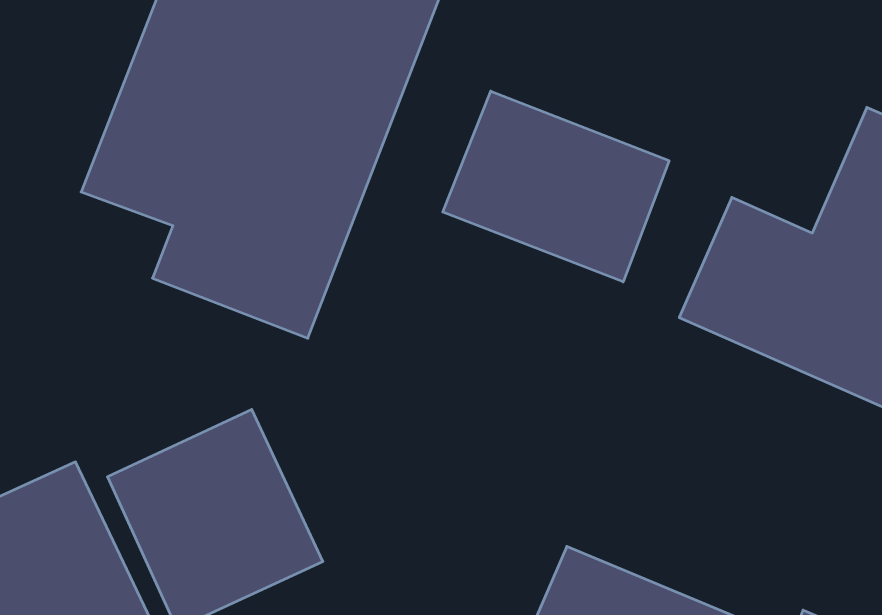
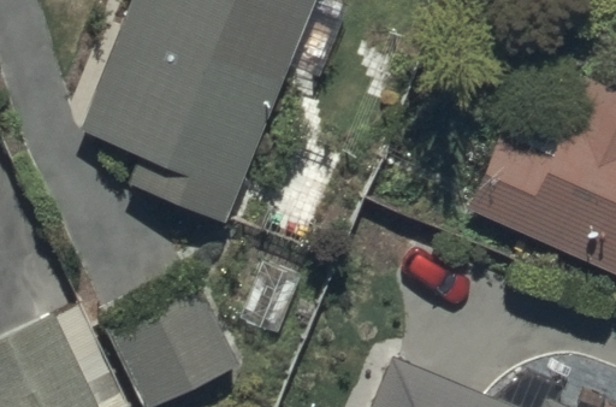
building: [443,91,669,282] -> none

